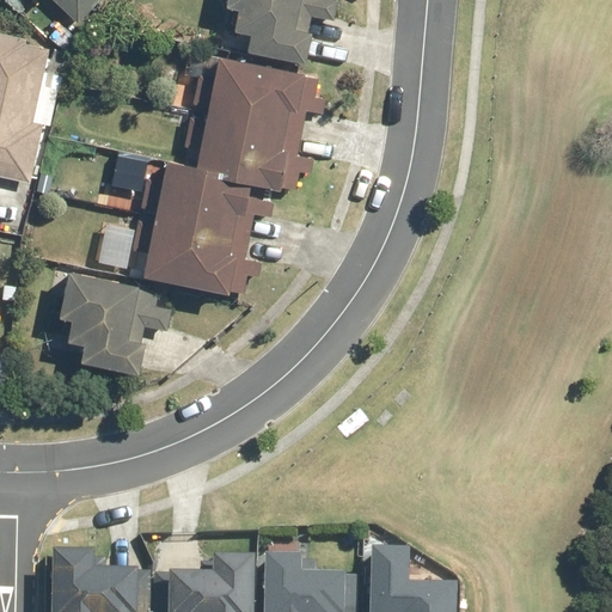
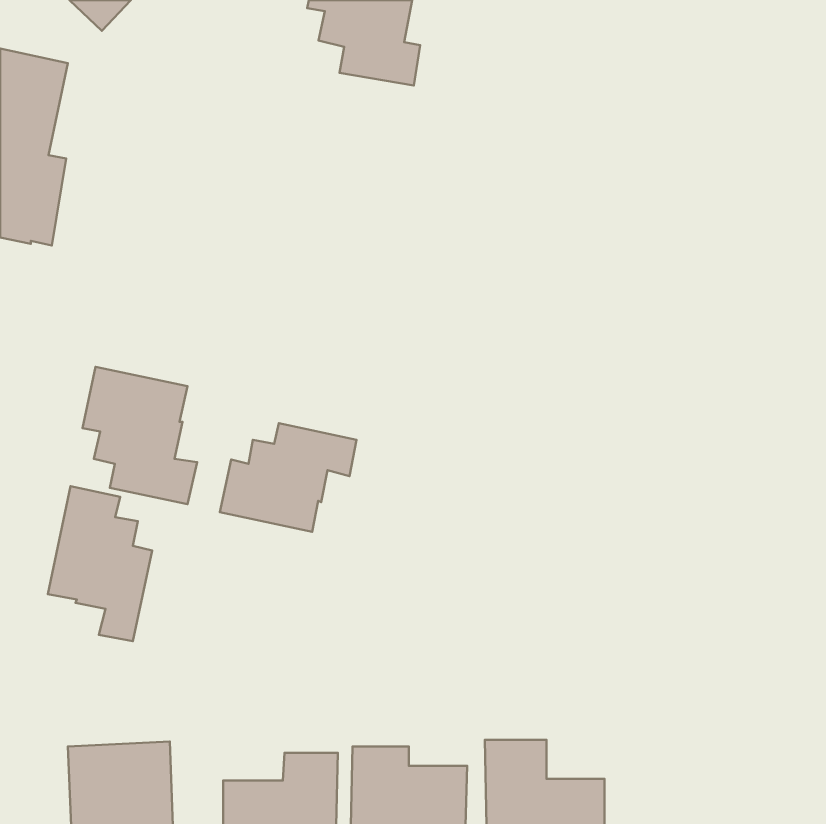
building: [148,56,307,290] -> none
building: none -> [220,423,356,532]
building: none -> [48,486,152,641]

